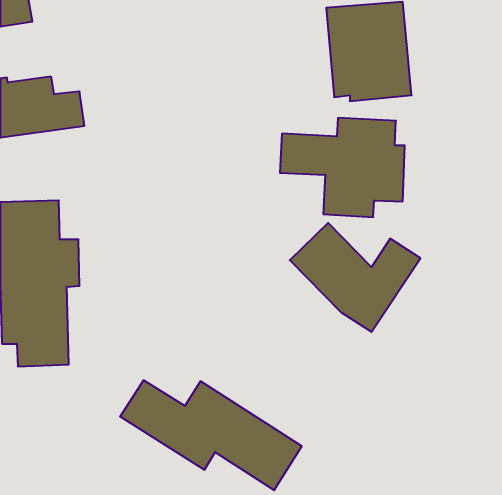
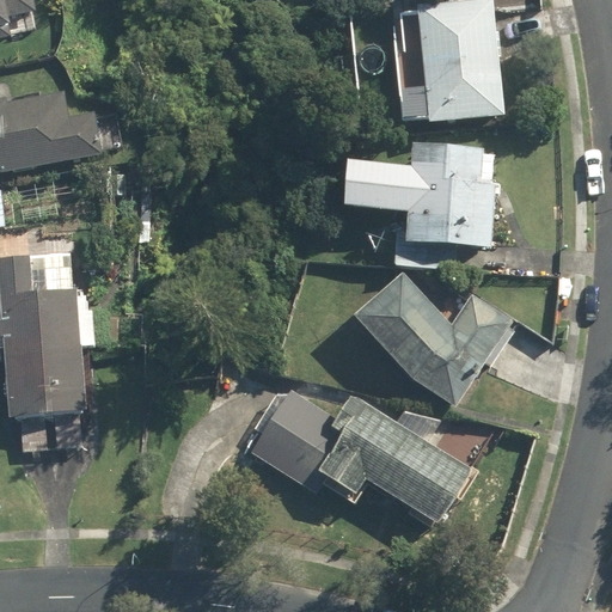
building: [120,380,302,490] -> [252,390,473,524]

